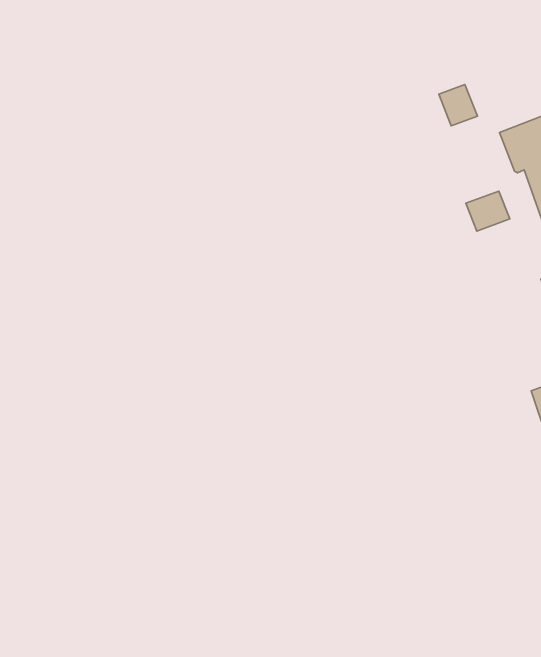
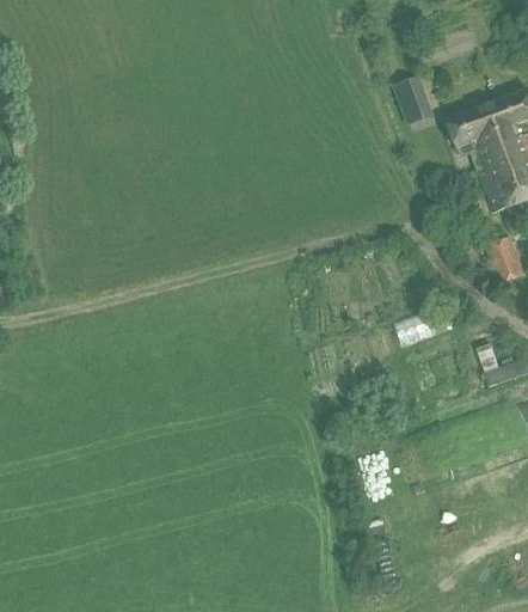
building: [466,191,510,231] -> none

